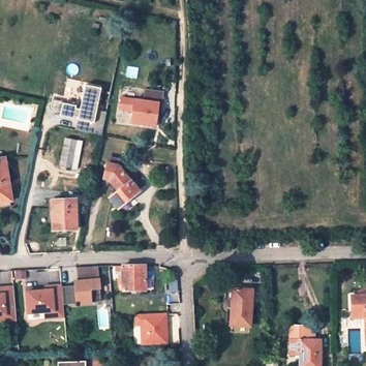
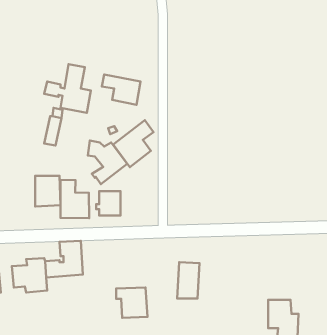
building: none -> [113,120,153,167]
building: none -> [60,180,89,218]
building: [120,265,145,289] -> [96,191,120,215]
building: [230,287,252,325] -> [177,262,200,299]

